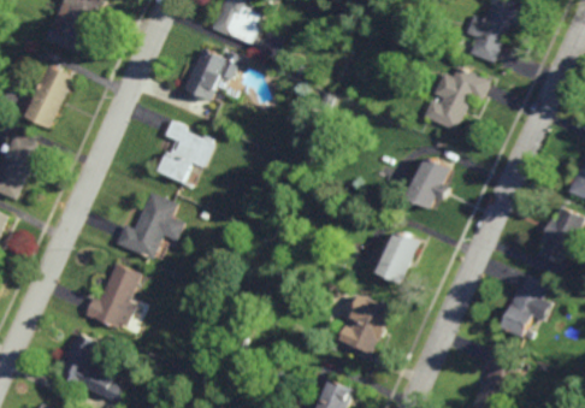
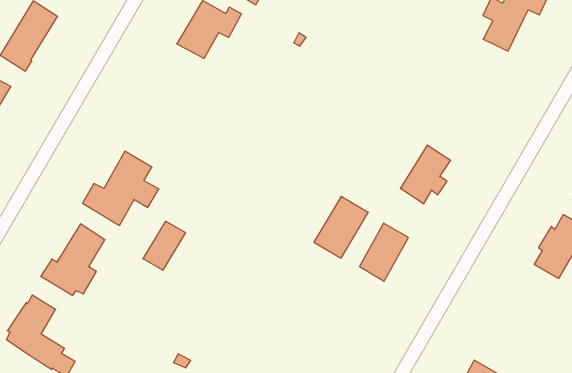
building: [421,65,488,131] -> none
building: [158,119,213,181] -> none
building: none -> [143,221,185,270]
building: [498,277,543,338] -> none
building: [341,300,388,356] -> [314,196,368,258]

